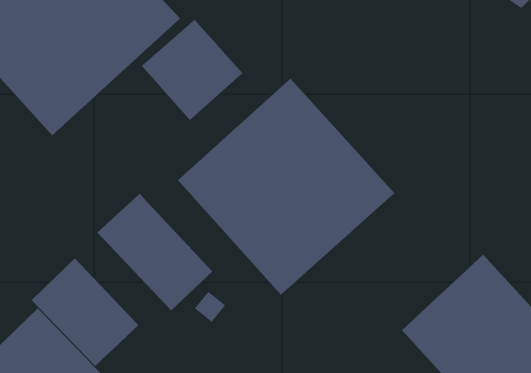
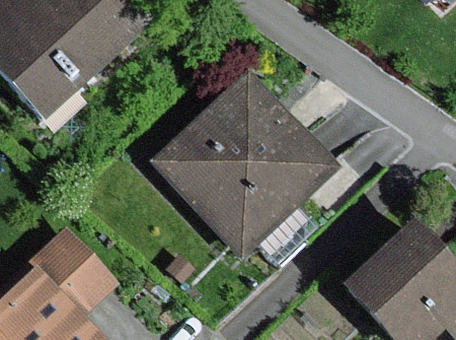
building: [141,19,243,121] -> none
building: [96,193,213,311] -> none

